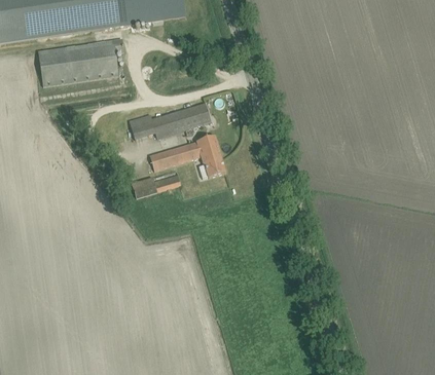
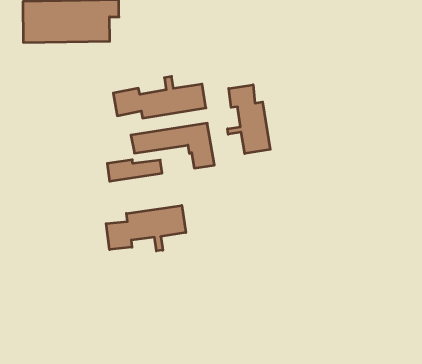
building: none -> [228,85,270,154]
building: none -> [106,205,186,251]

